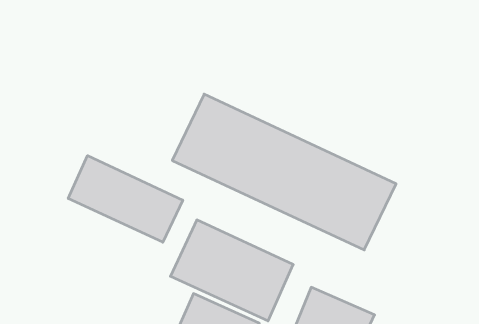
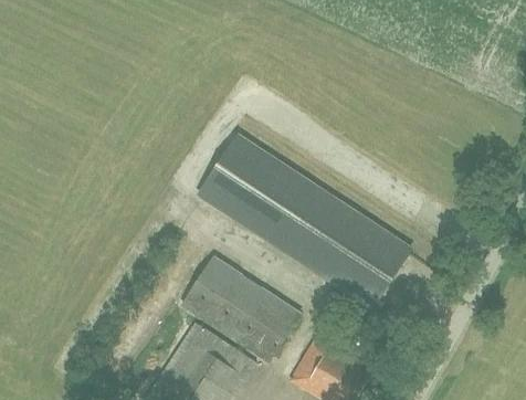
building: [68,156,183,242] -> none

